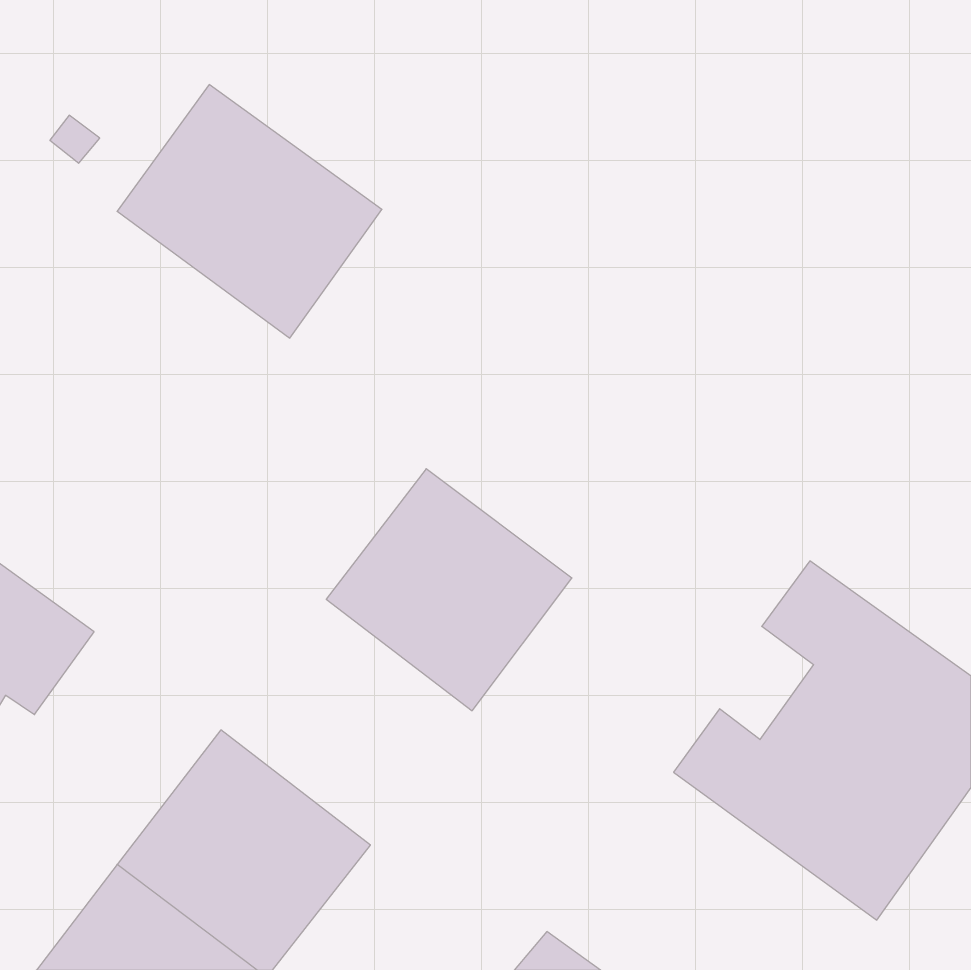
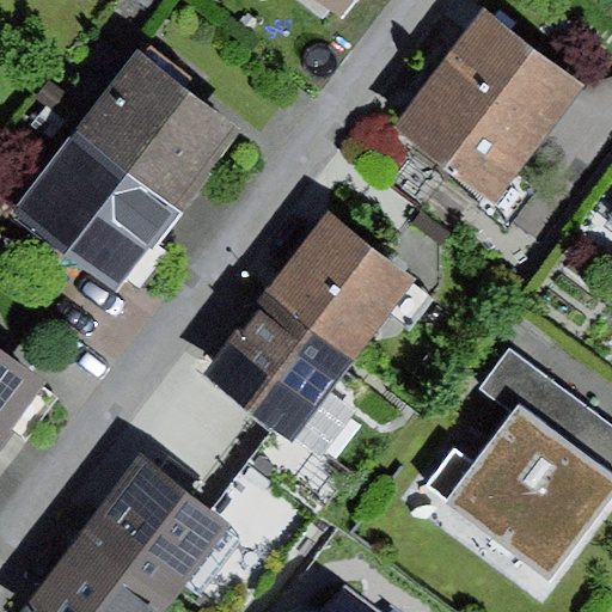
building: none -> [406,18,593,207]
building: none -> [10,131,180,296]
building: none -> [265,216,414,360]

